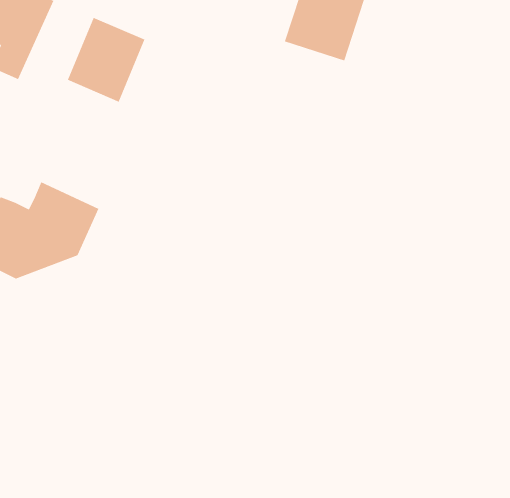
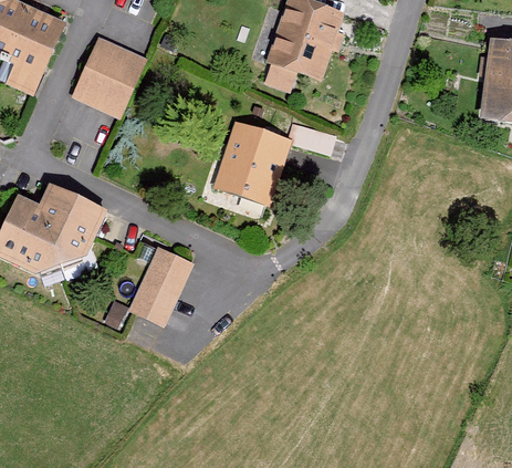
building: none -> [212,121,292,201]
building: none -> [125,246,190,325]

